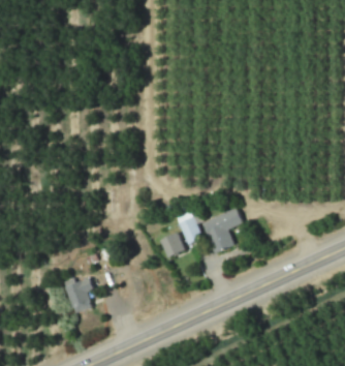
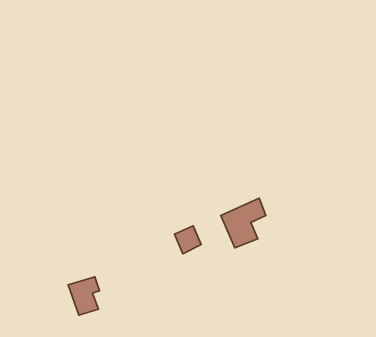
building: [176,210,200,243] -> none

